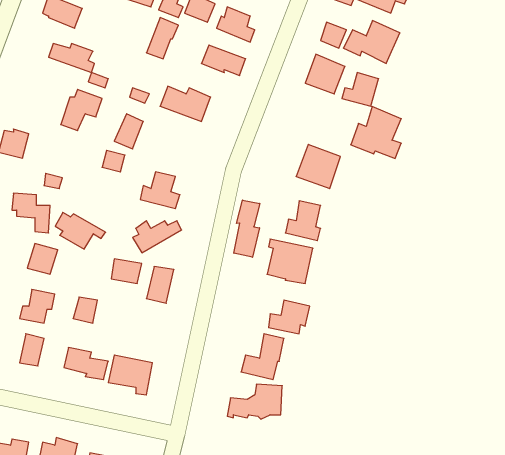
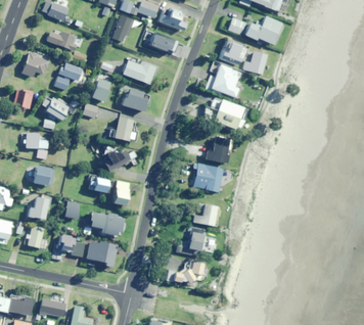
building: none -> [21,51,48,77]
building: [351,107,401,158] -> [206,63,239,98]
building: none -> [122,88,148,111]
building: [234,200,260,257] -> none
building: [55,212,106,249] -> [42,95,76,120]
building: none -> [90,211,124,235]

